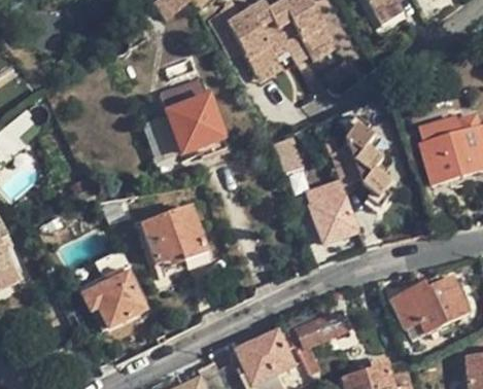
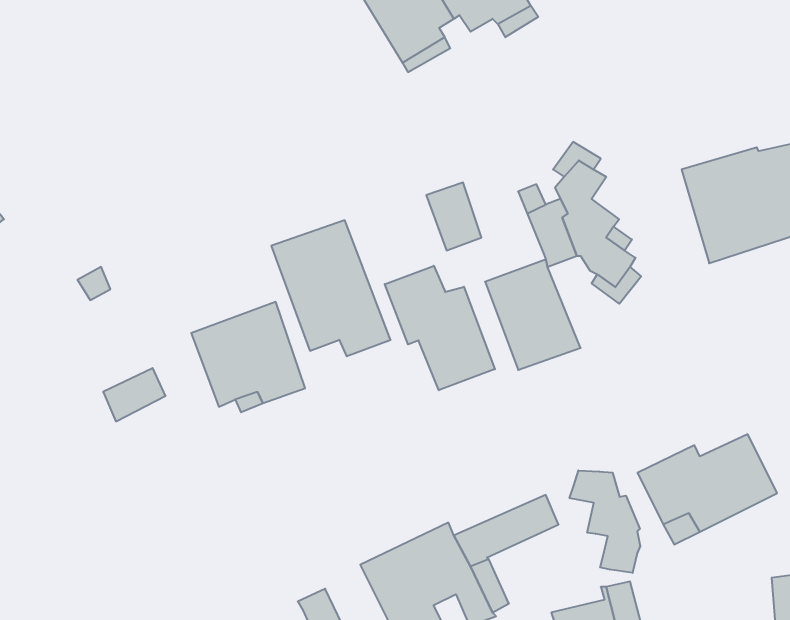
building: [159,79,226,155] -> [271,220,391,356]
building: none -> [385,266,495,390]
building: [76,263,144,328] -> none
building: none -> [570,470,640,573]

